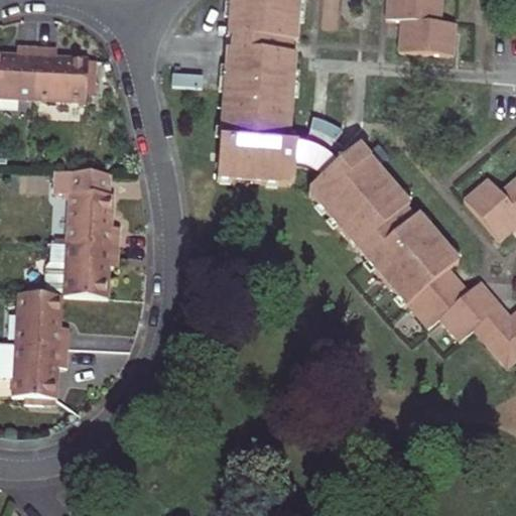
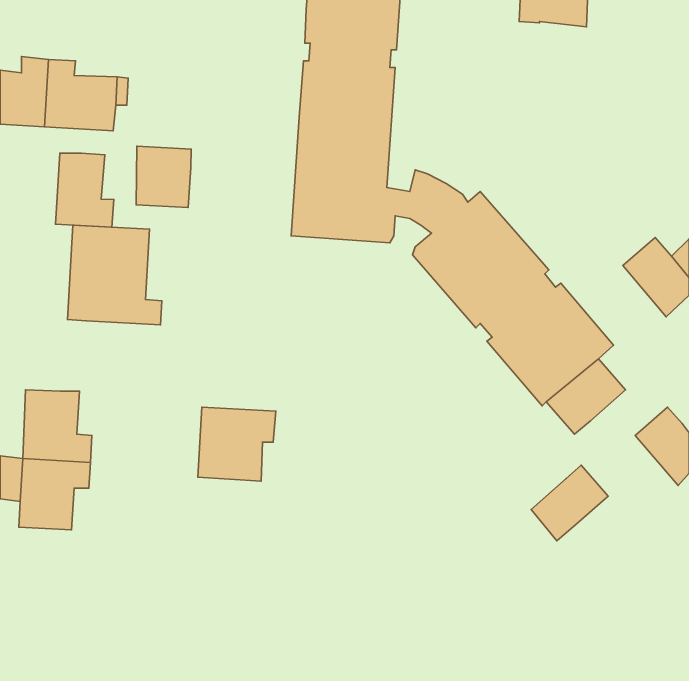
building: [400,16,454,52] -> none
building: none -> [136,146,191,208]
building: none -> [56,153,114,227]
building: [61,240,120,295] -> [198,407,276,481]
building: [441,281,499,338] -> [531,465,608,541]

